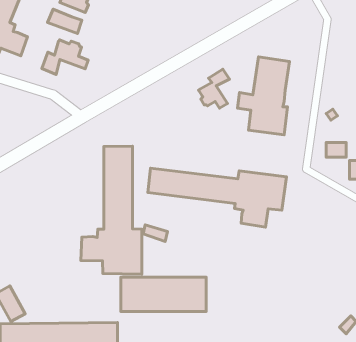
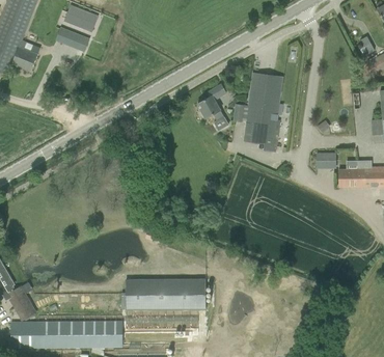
building: [42,40,88,74] -> none
building: [81,146,142,274] -> none
building: [148,168,287,227] -> none

